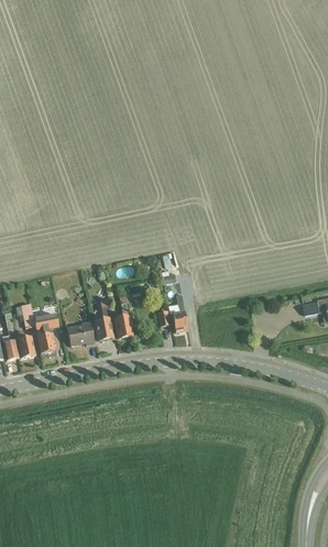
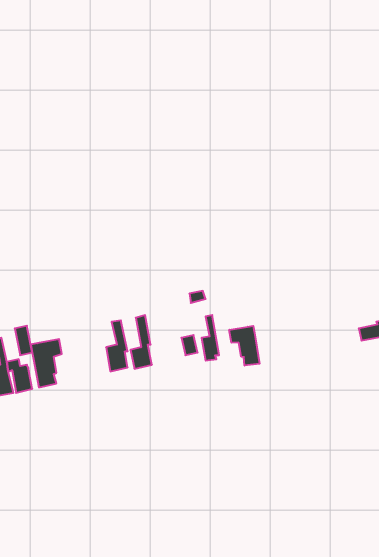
building: none -> [229,326,260,366]
building: [66,321,94,346] -> none

